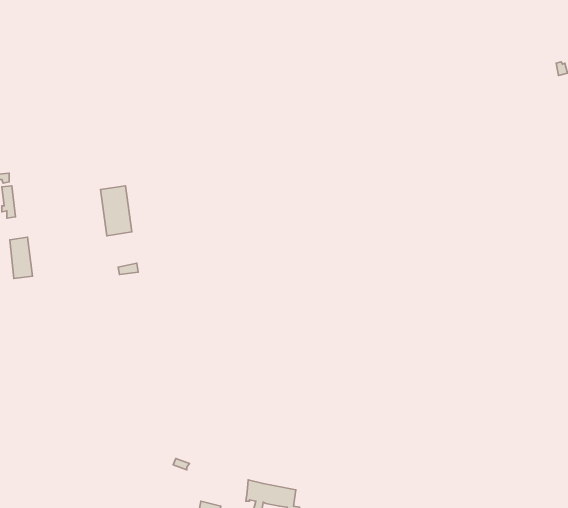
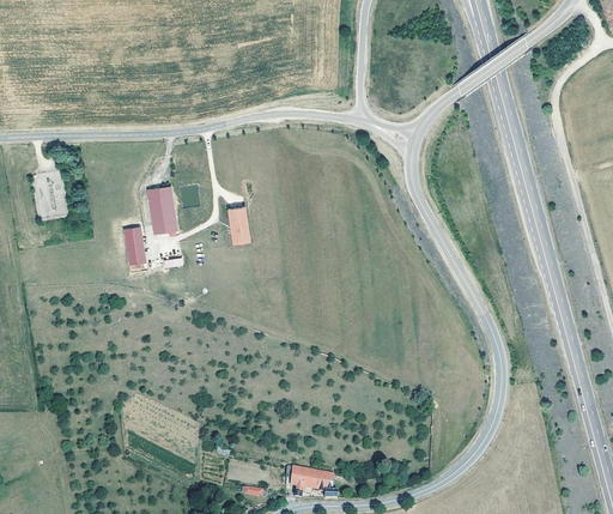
building: none -> [227,207,250,243]
building: [10,237,32,279] -> [123,226,145,266]

